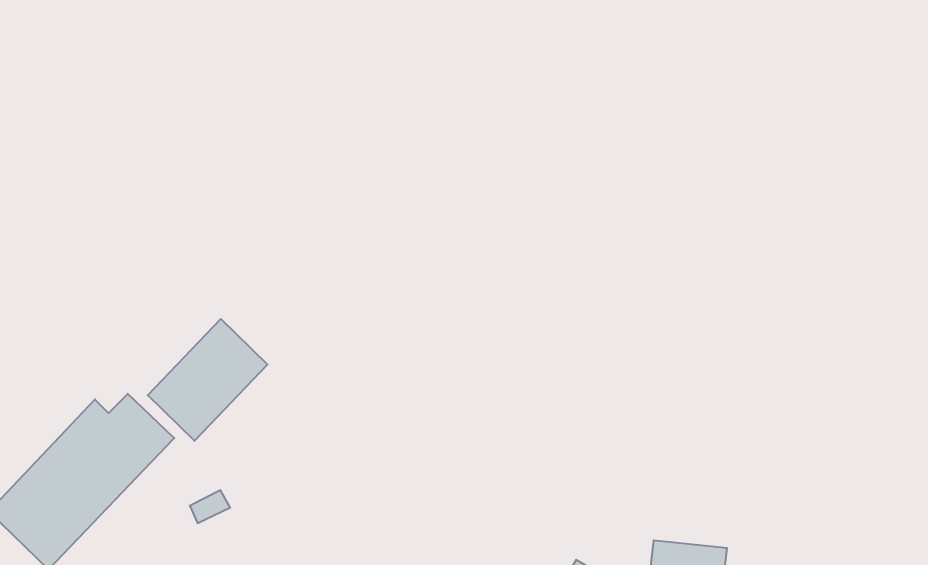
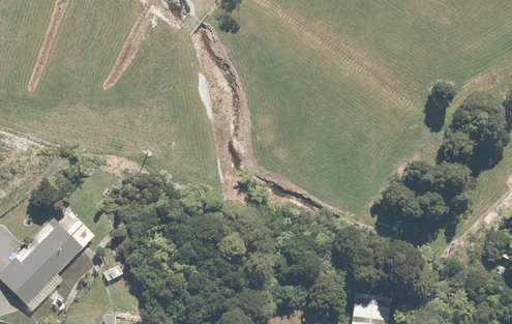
building: [148,319,267,441] -> none

